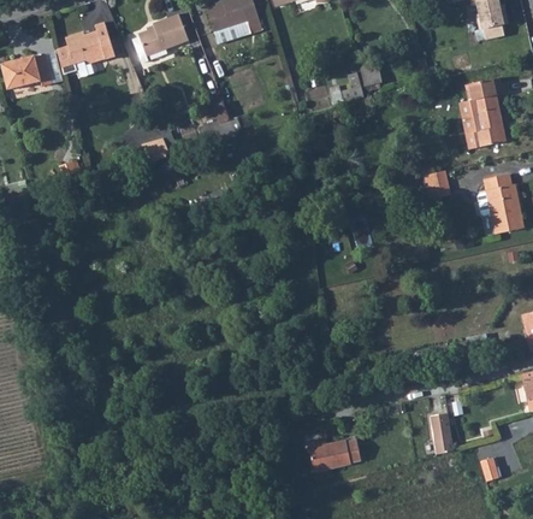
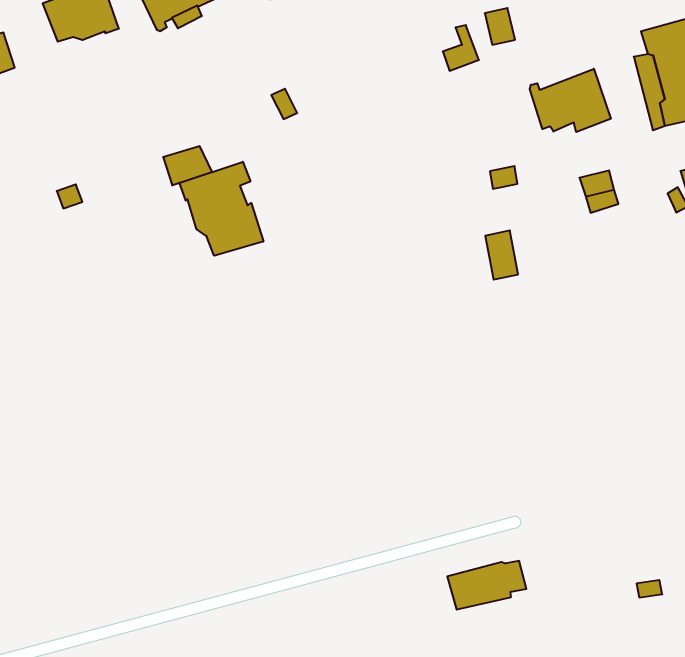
building: none -> [530,69,611,132]
building: none -> [179,162,263,256]
building: [432,407,454,447] -> none

